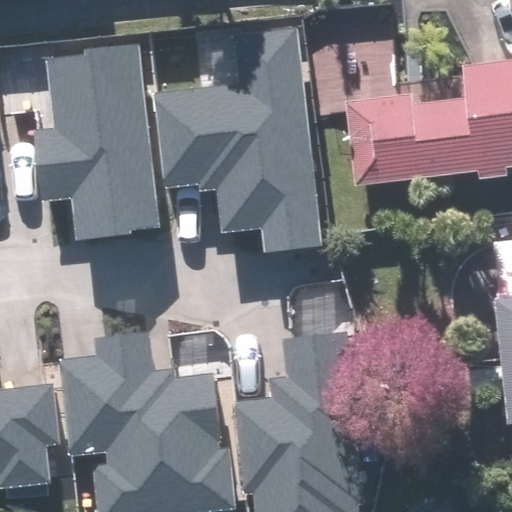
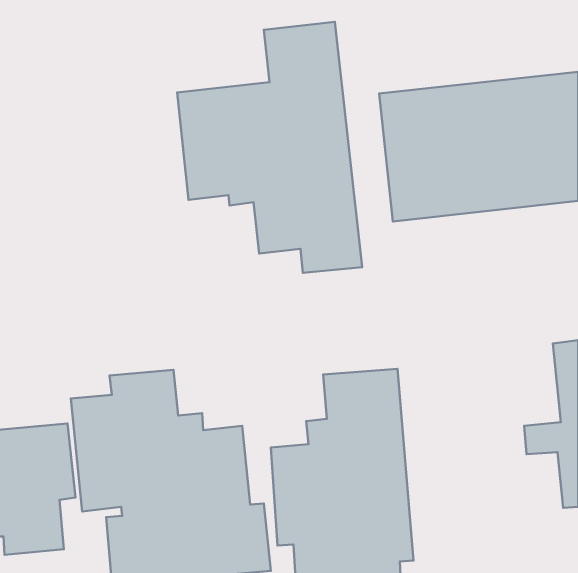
building: [38,49,161,244] -> none

